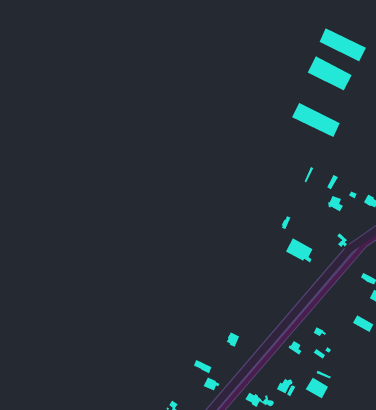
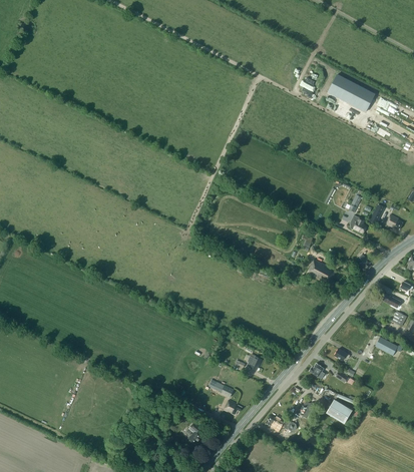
building: [318,27,367,63] -> none
building: [291,102,341,138] -> none

